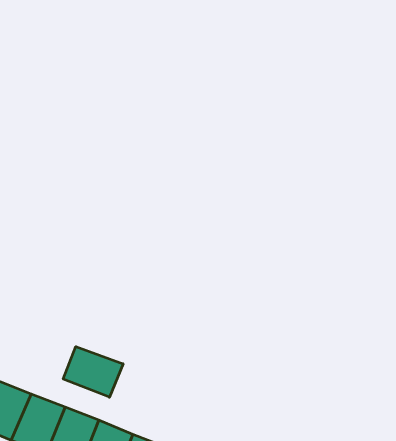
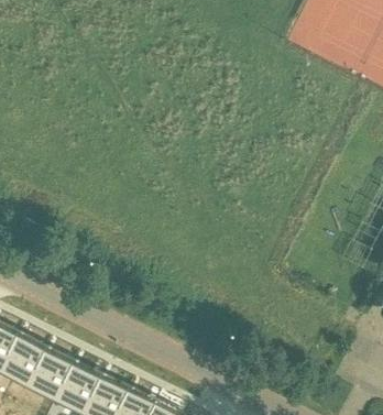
building: [63,347,123,397] -> none

